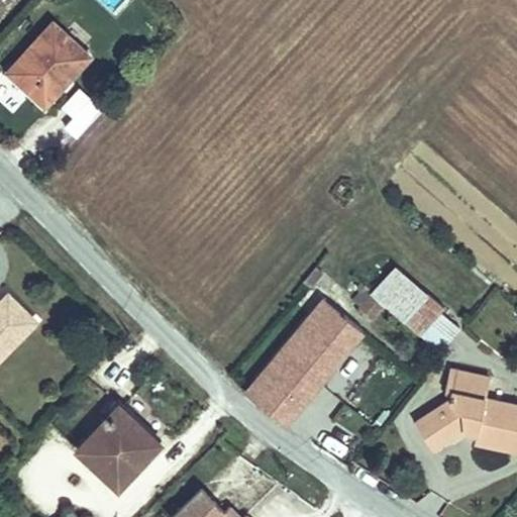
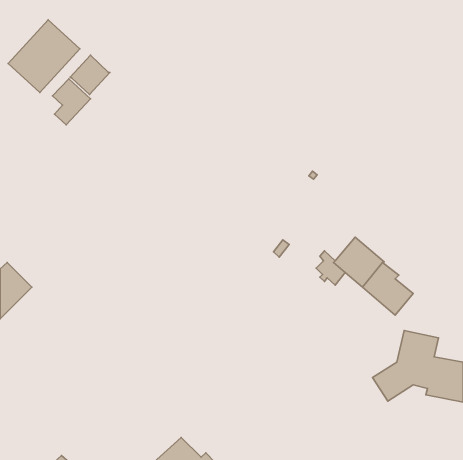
building: none -> [70,55,110,95]
building: [246,301,364,426] -> none
building: [77,408,158,490] -> none

